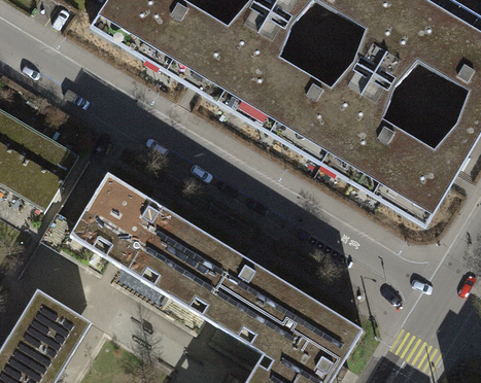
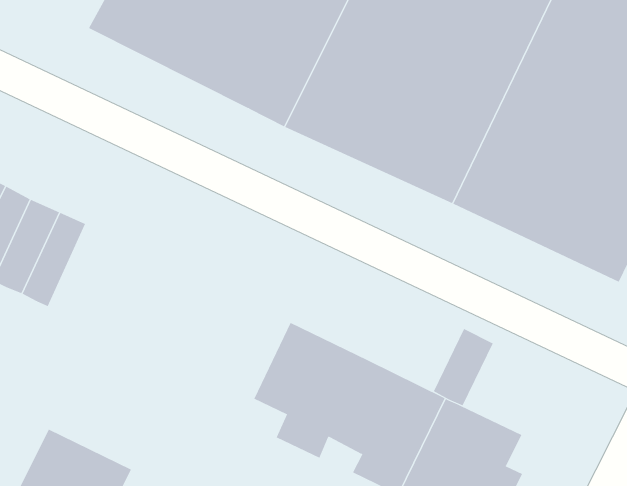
building: [77,172,205,292] -> none
building: none -> [433,328,493,406]

